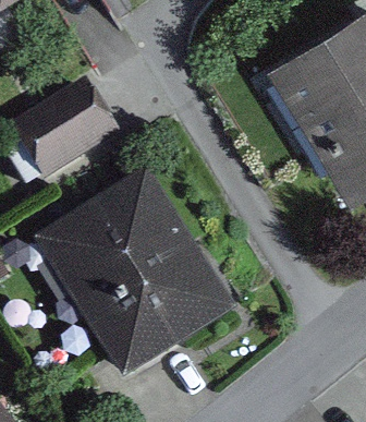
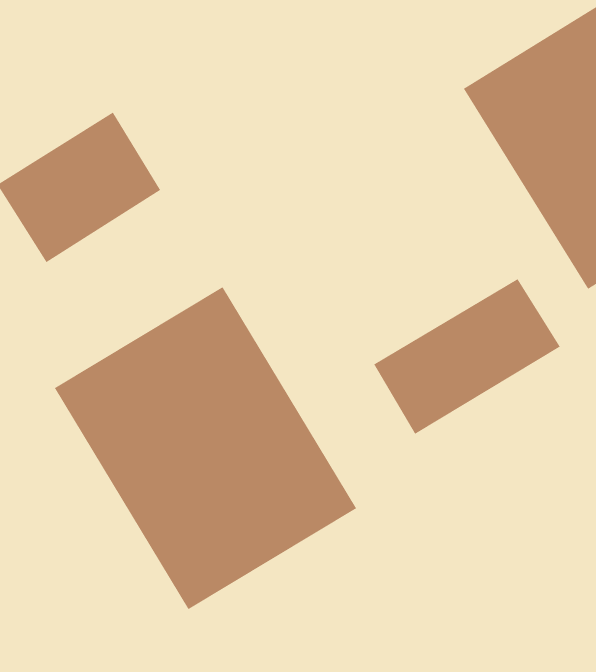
building: none -> [373,278,561,435]

